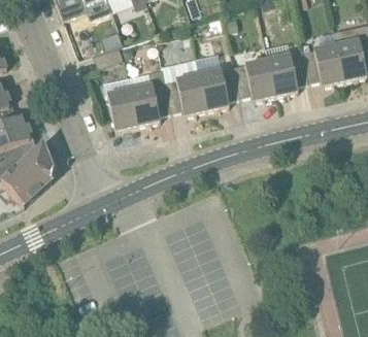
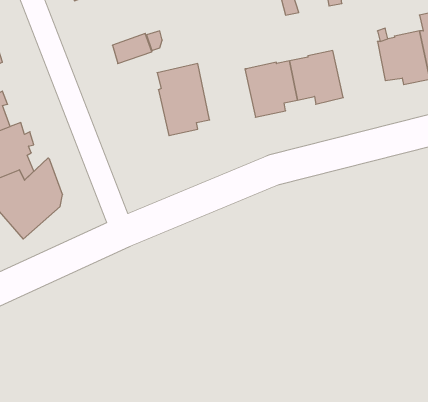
building: [266,50,307,95] -> none
building: [160,57,205,114] -> none
building: [107,89,137,130] -> none

